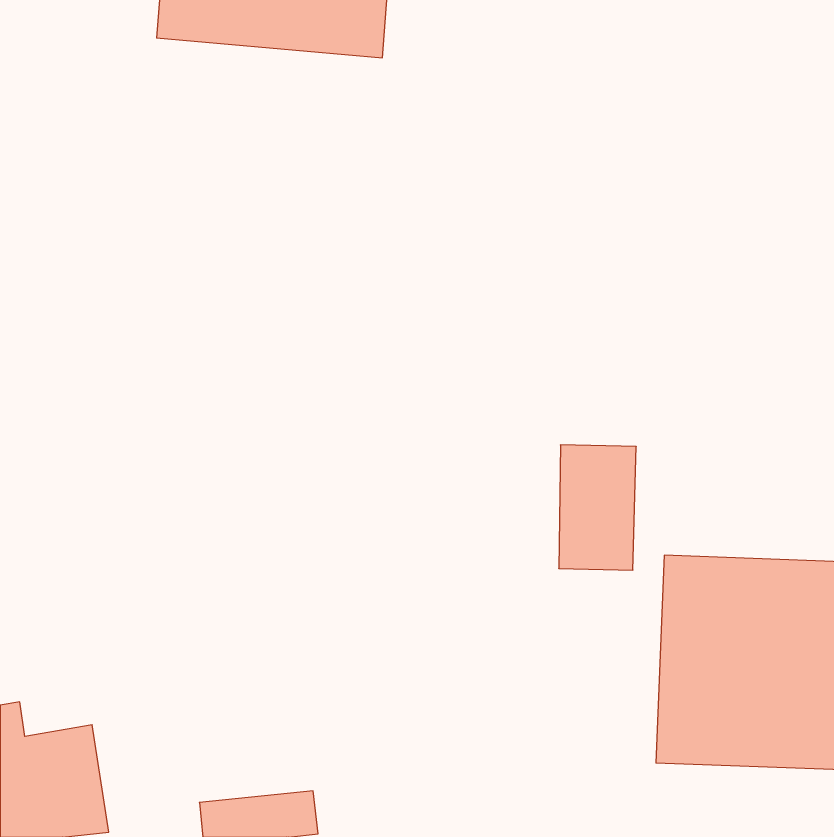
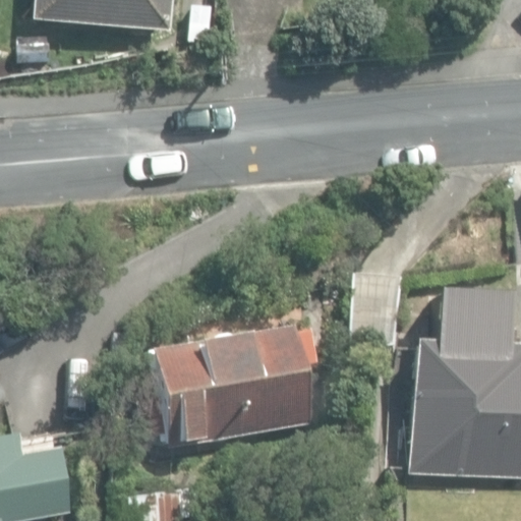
building: none -> [155,324,316,447]

